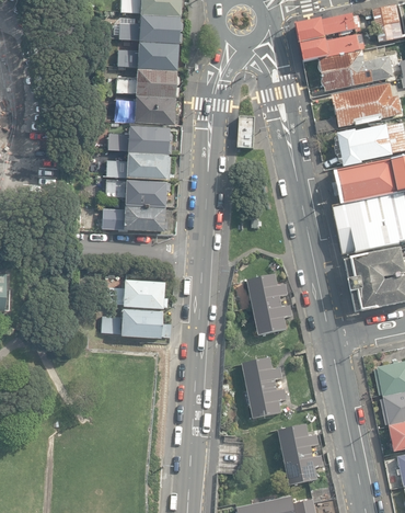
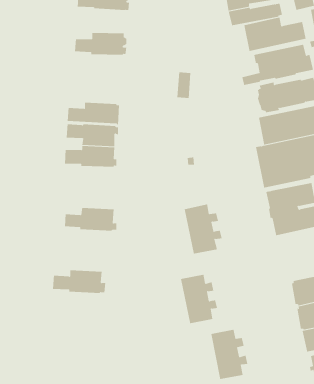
building: [117,42,177,70] -> none
building: [115,95,174,124] -> none
building: [107,126,171,155] -> none
building: [101,308,165,337] -> [52,270,106,294]

